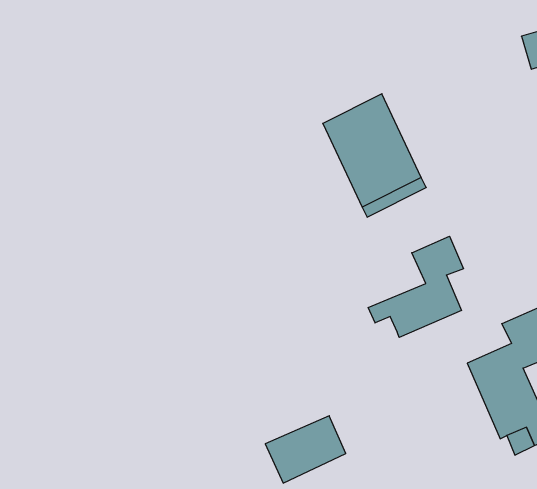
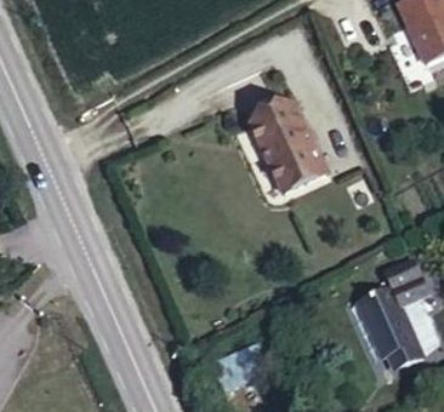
building: [368,236,463,337] -> none

